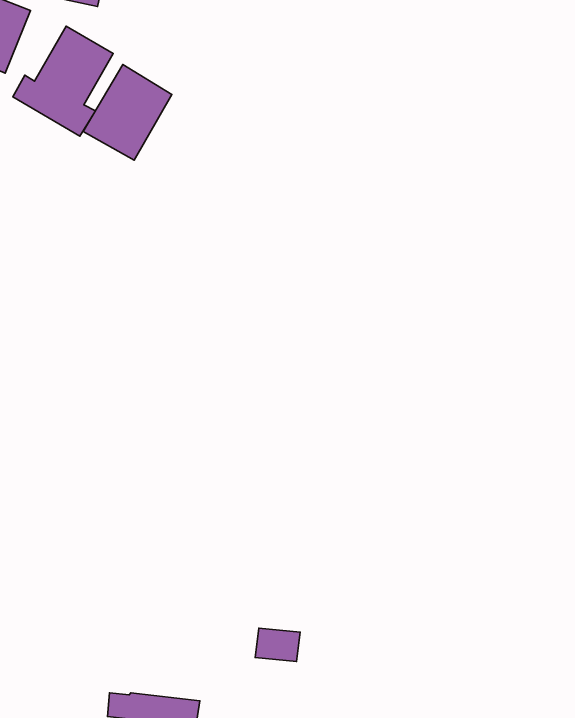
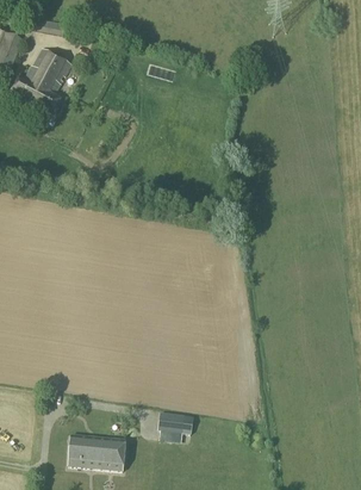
building: [83,65,172,160] -> none
building: none -> [70,434,126,455]

